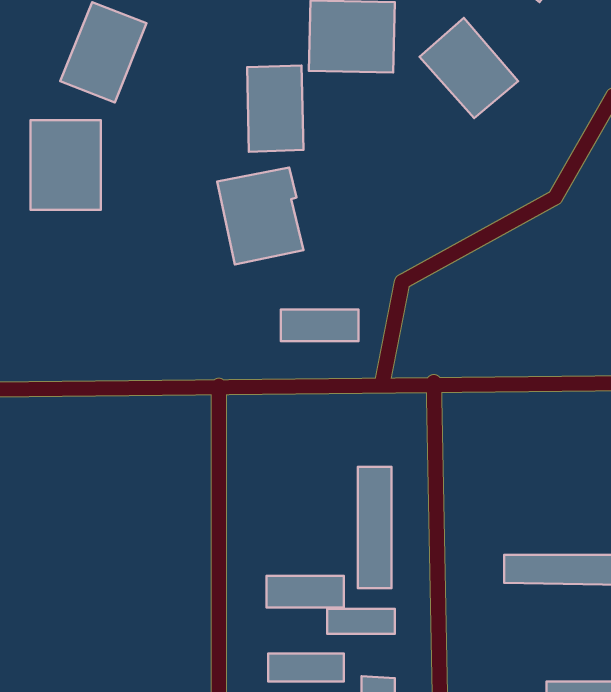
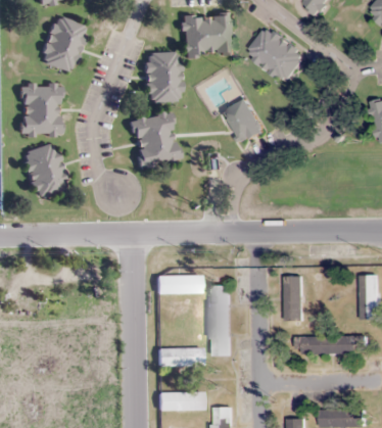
building: none -> [223,98,264,143]
building: none -> [23,144,67,198]
building: [281,309,358,341] -> [156,276,201,294]
building: none -> [285,277,302,320]
building: [327,609,395,634] -> none

